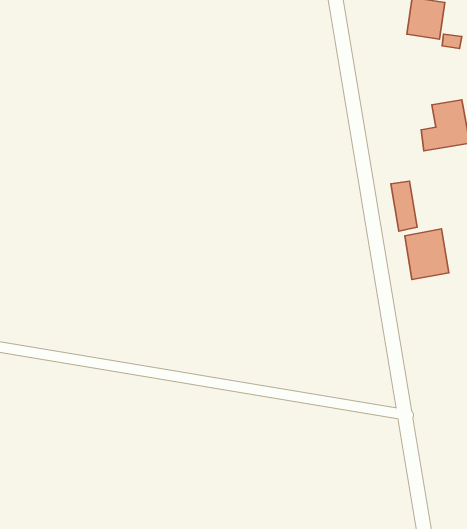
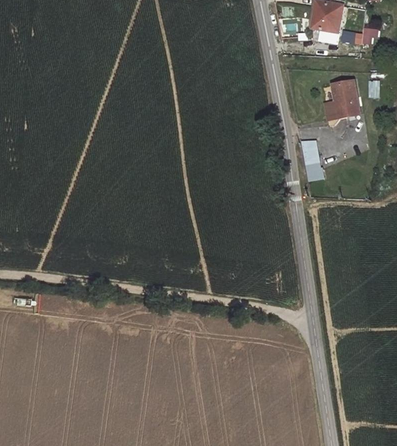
building: [405,229,449,279] -> none

